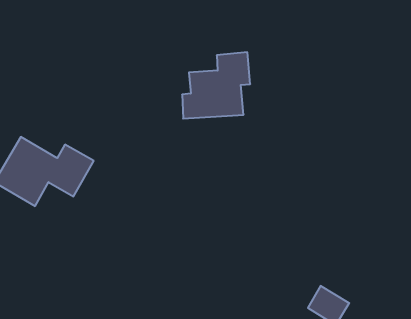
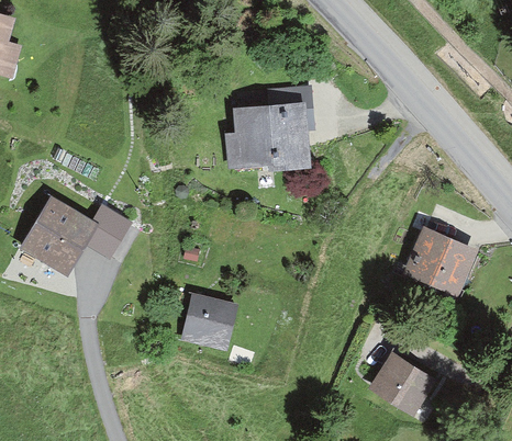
building: none -> [396,229,466,295]
building: none -> [187,295,237,352]

